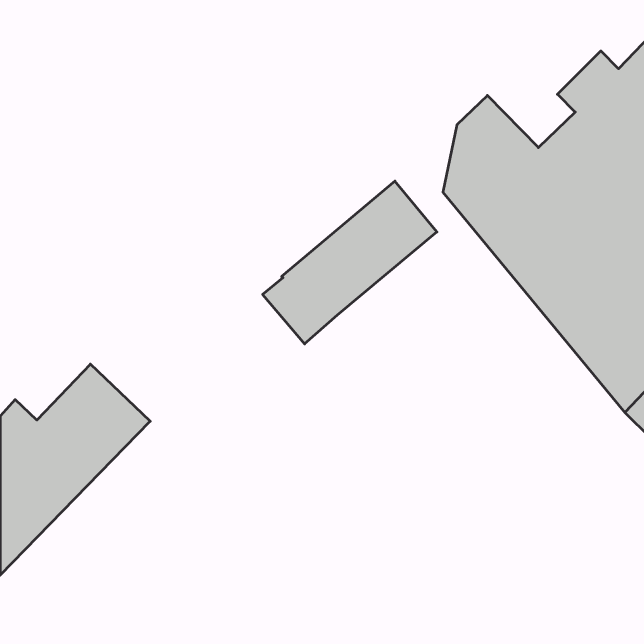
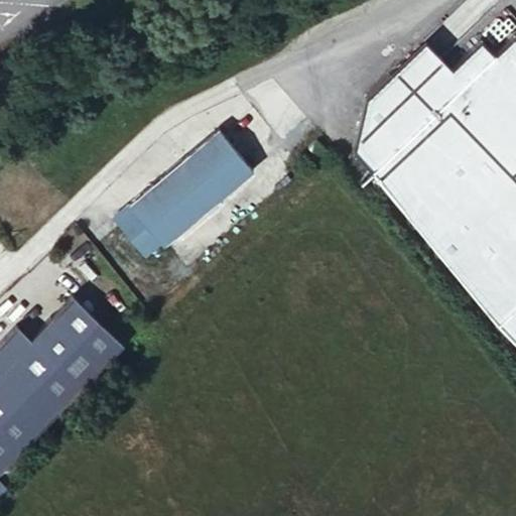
building: none -> [391,52,461,122]
building: [263,181,437,344] -> [119,133,257,262]

